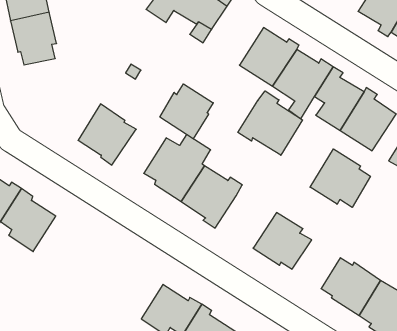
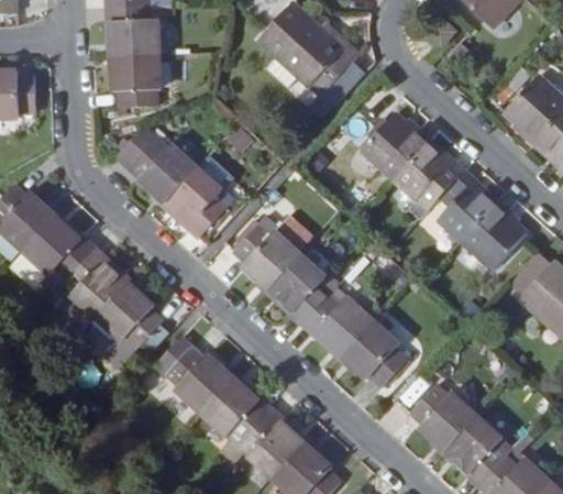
building: none -> [115,125,198,204]
building: [160,84,213,139] -> none
building: [238,91,303,155] -> none
building: [310,149,370,207] -> none
building: none -> [302,294,374,355]
building: none -> [95,282,163,348]
building: none -> [155,336,233,413]

